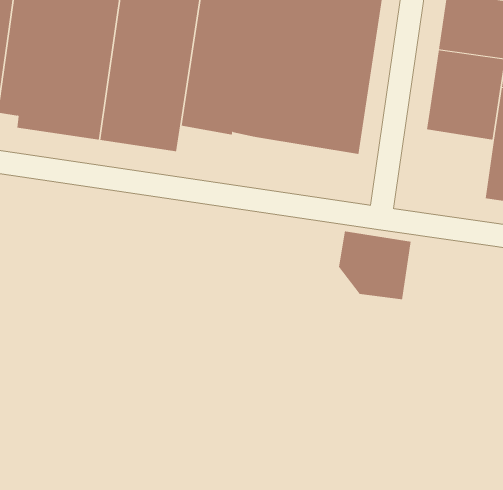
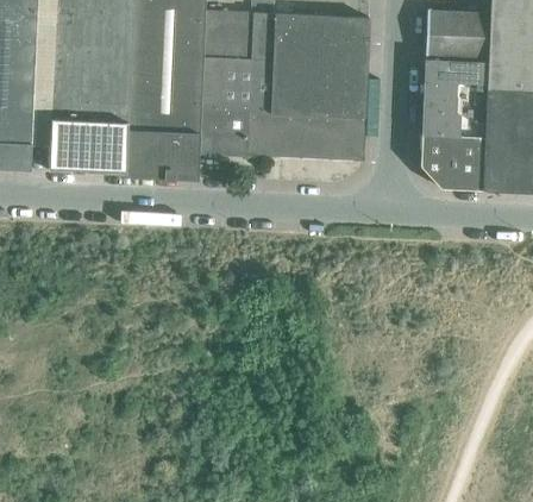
building: [338,231,411,300] -> [421,132,485,189]

